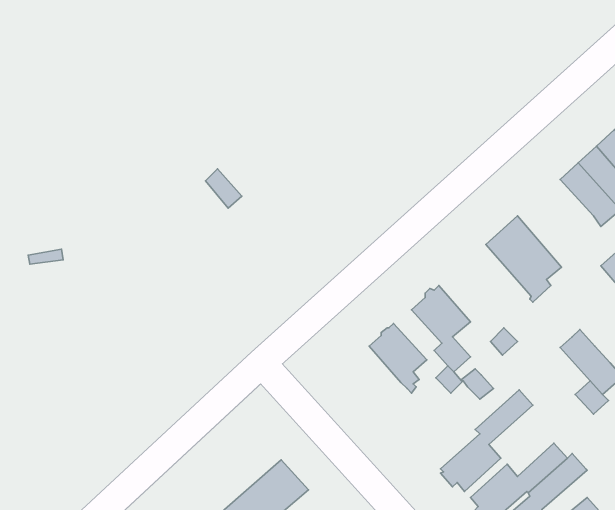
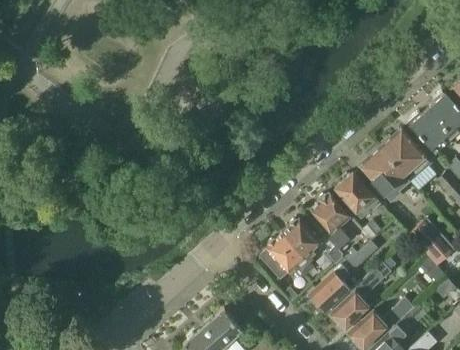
building: none -> [382,129,432,181]
building: none -> [336,171,381,218]
building: none -> [262,233,315,278]
building: none -> [311,266,351,312]

